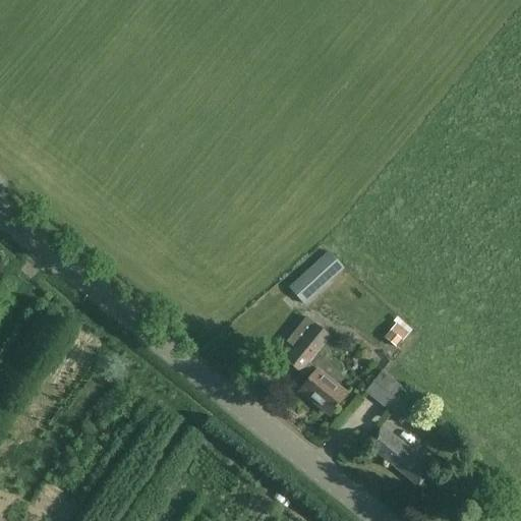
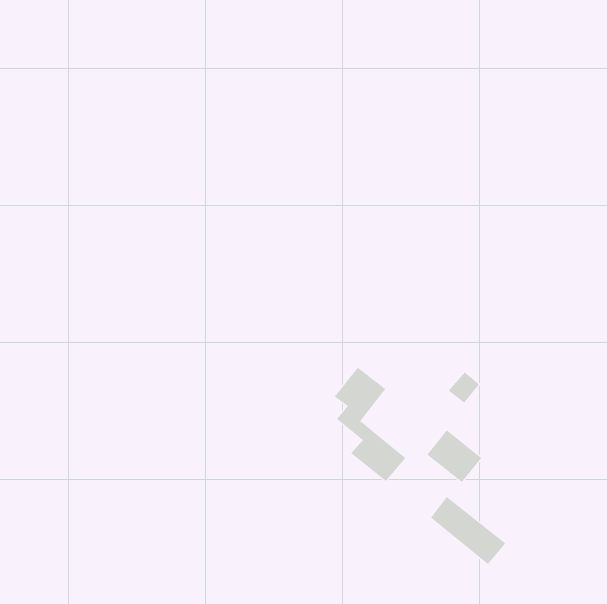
building: [291,251,342,301] -> none

